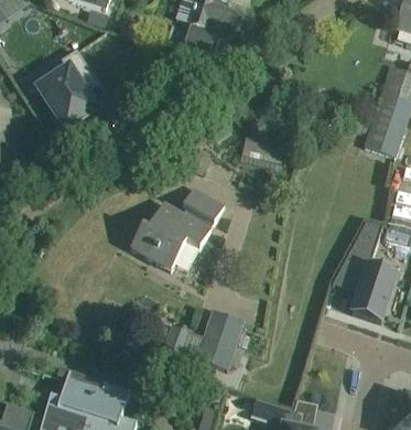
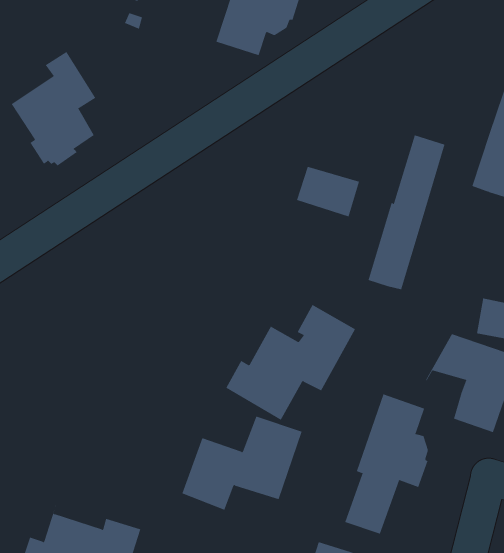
building: none -> [368,135,445,290]
building: [131,185,224,268] -> [225,304,356,421]
building: none -> [344,393,428,535]

